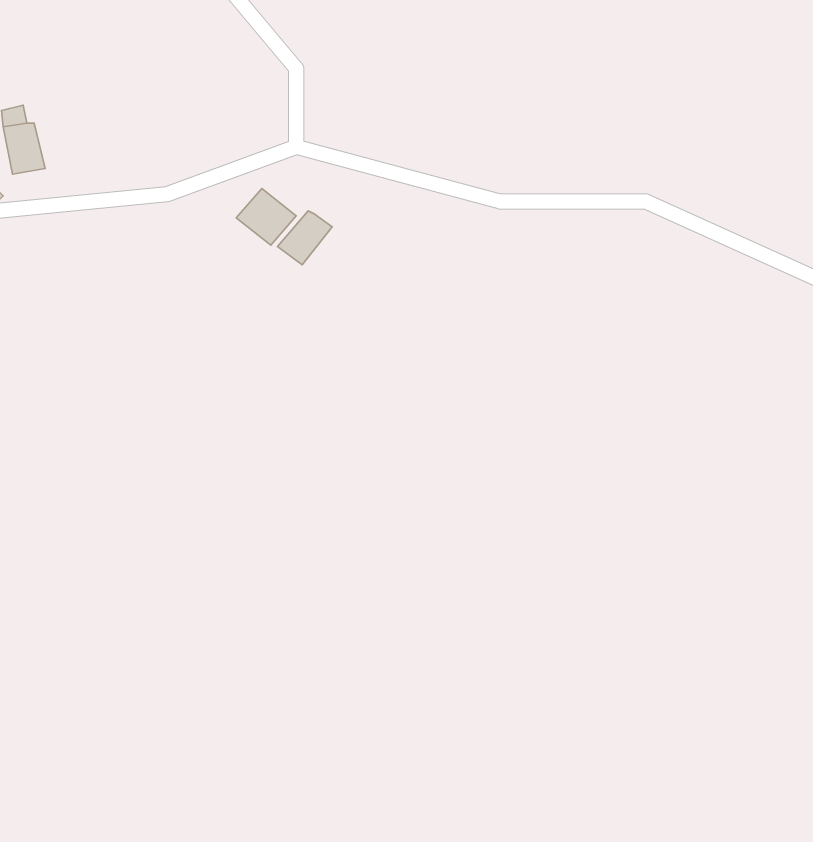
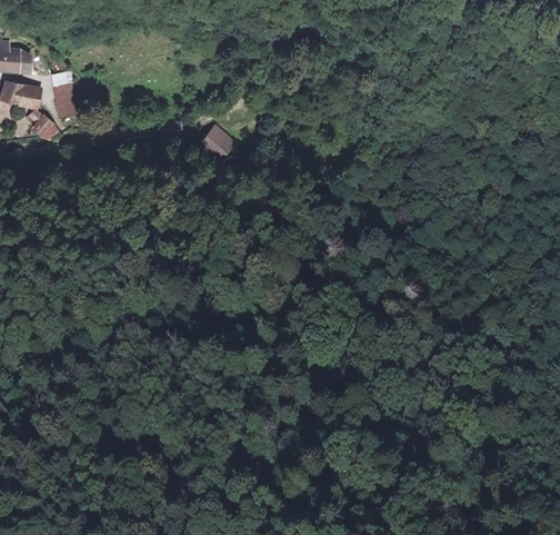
building: [278,211,332,265] -> none

